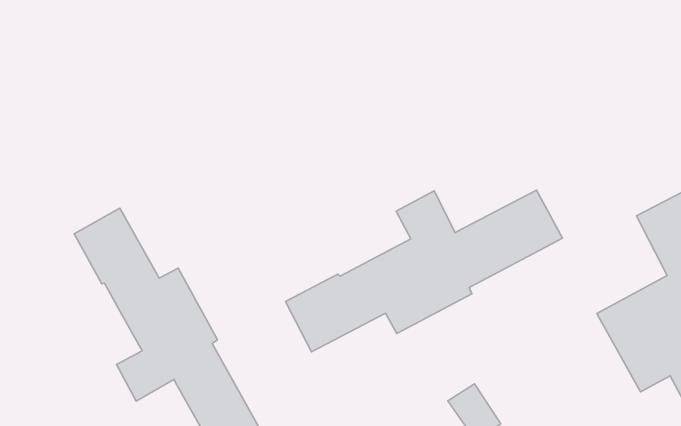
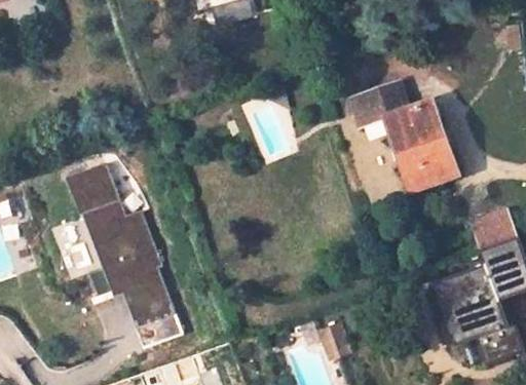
building: none -> [346,86,456,192]
building: [285,190,563,352] -> none

